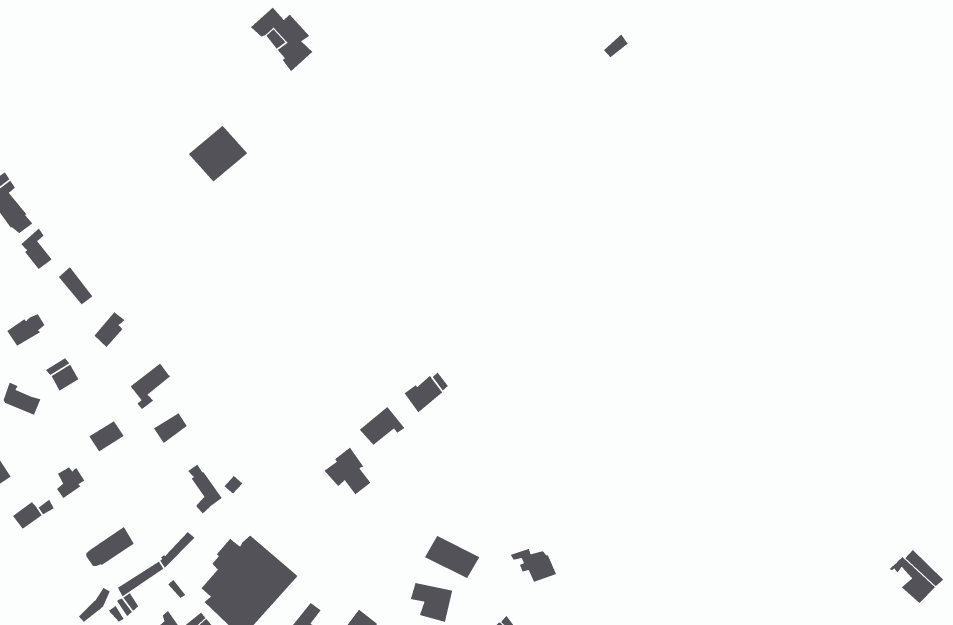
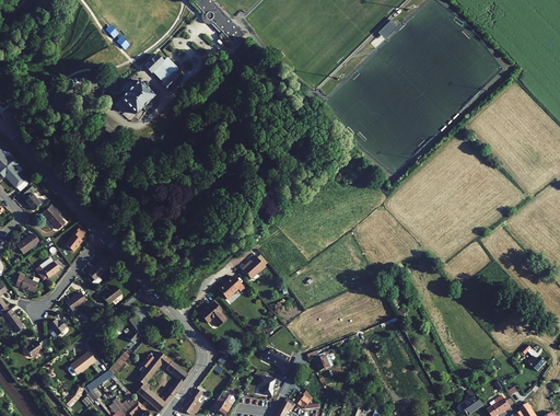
building: [188,125,248,183] -> [120,81,154,114]

